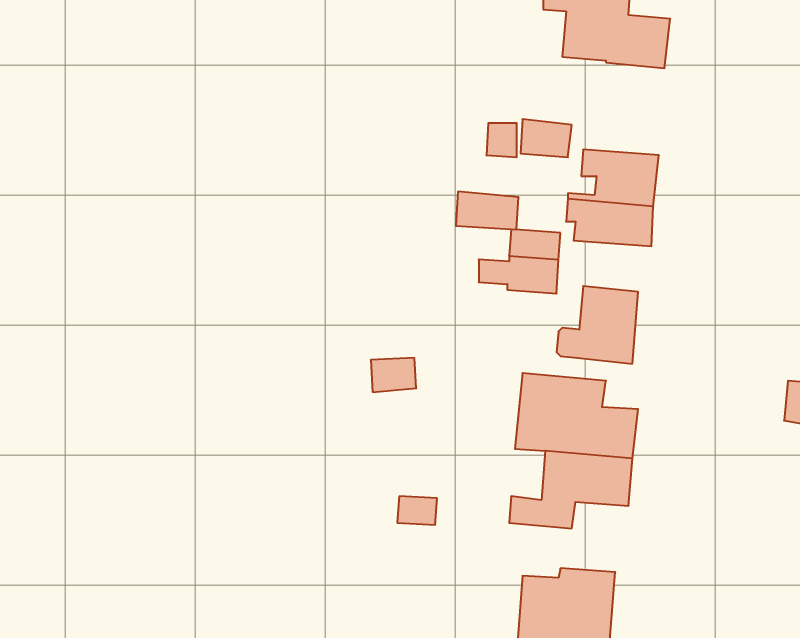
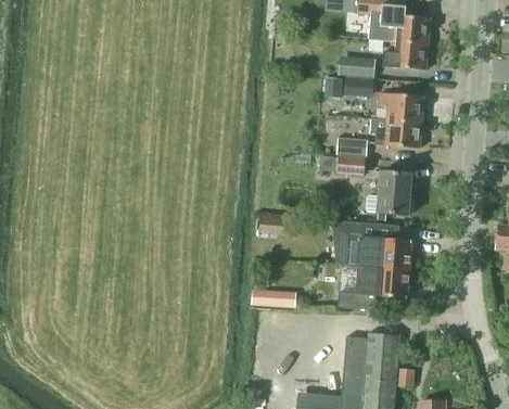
building: none -> [382,42,427,69]
building: [456,192,519,230] -> [339,54,374,76]

